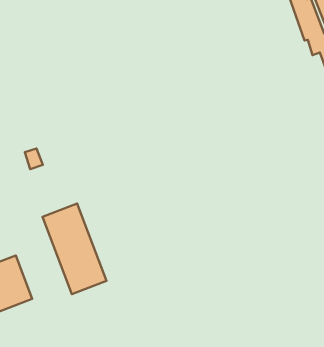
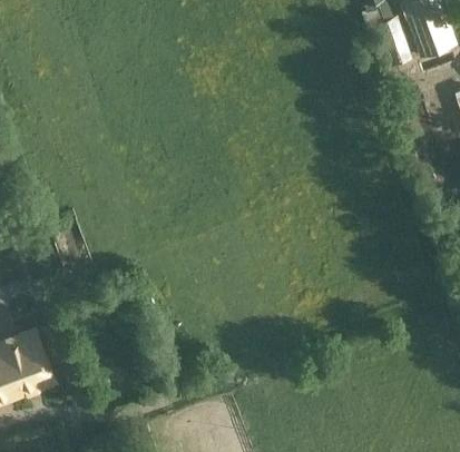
building: [43,204,106,294] -> none

